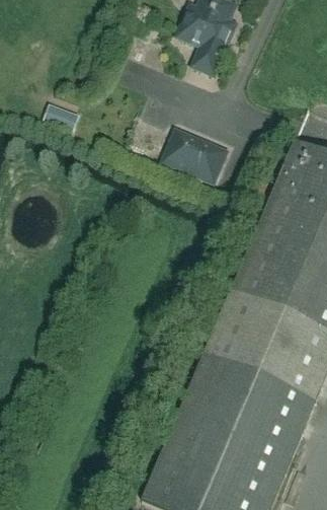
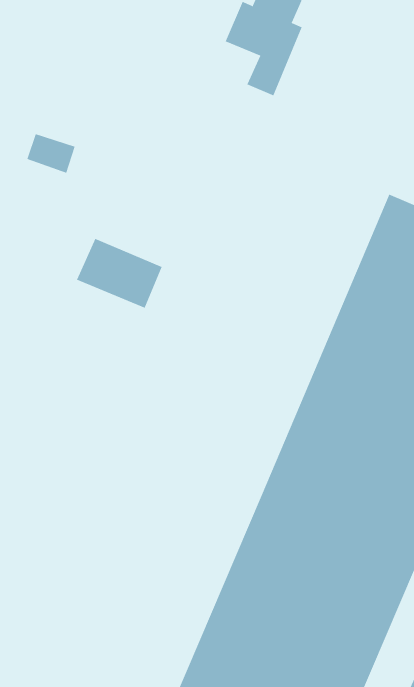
building: [163,130,224,179] -> [76,238,162,309]

